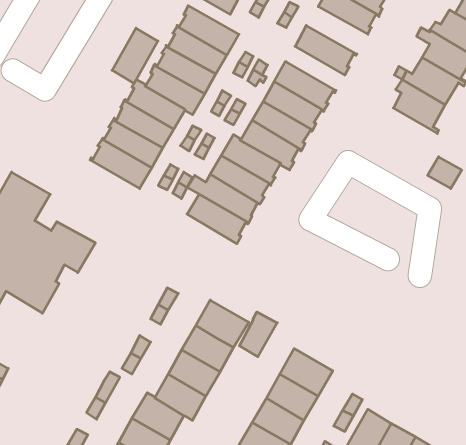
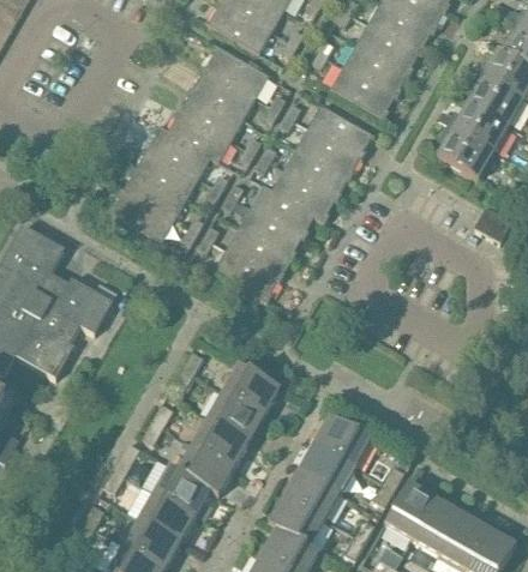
building: none -> [342,43,409,95]
building: [112,28,158,83] -> none
building: [239,312,277,357] -> none

